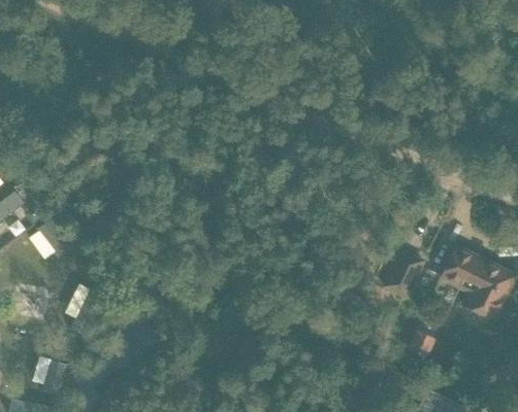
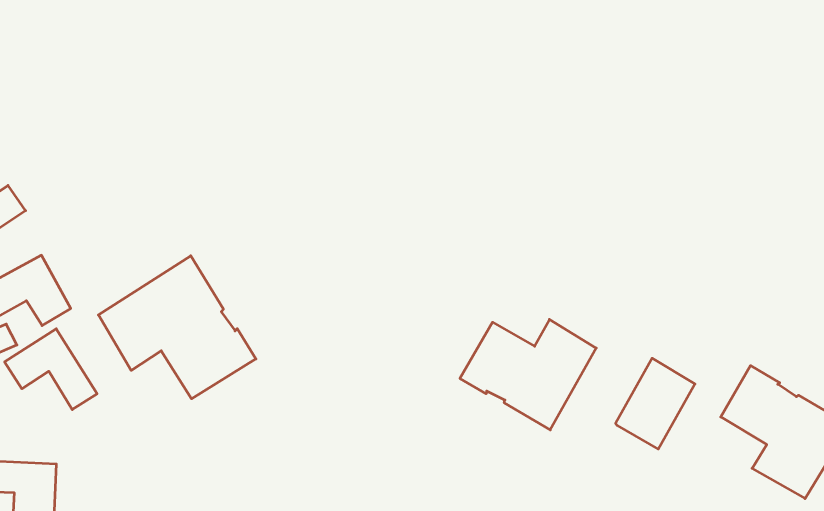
building: none -> [98,256,256,399]
building: none -> [460,319,596,430]

